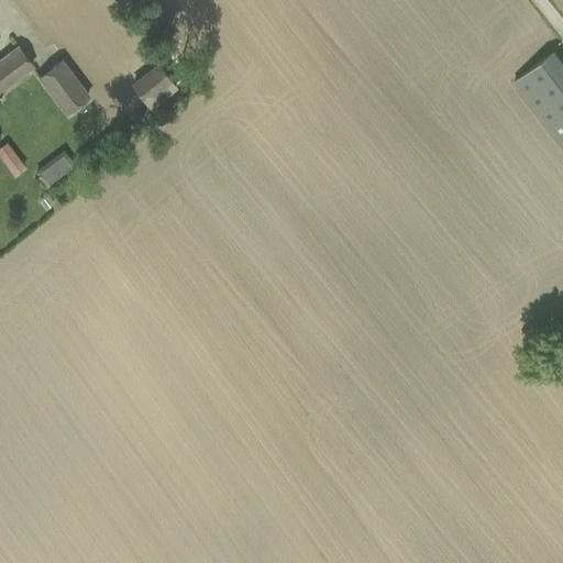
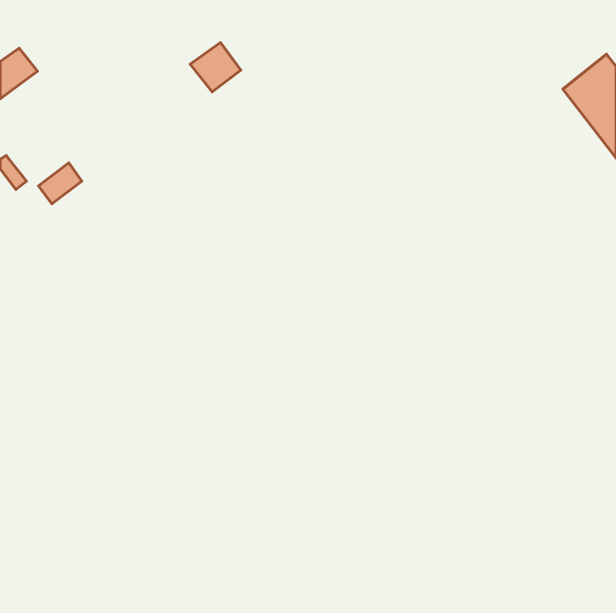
building: [36,59,90,117] -> none
building: [131,65,177,110] -> [190,42,241,92]

